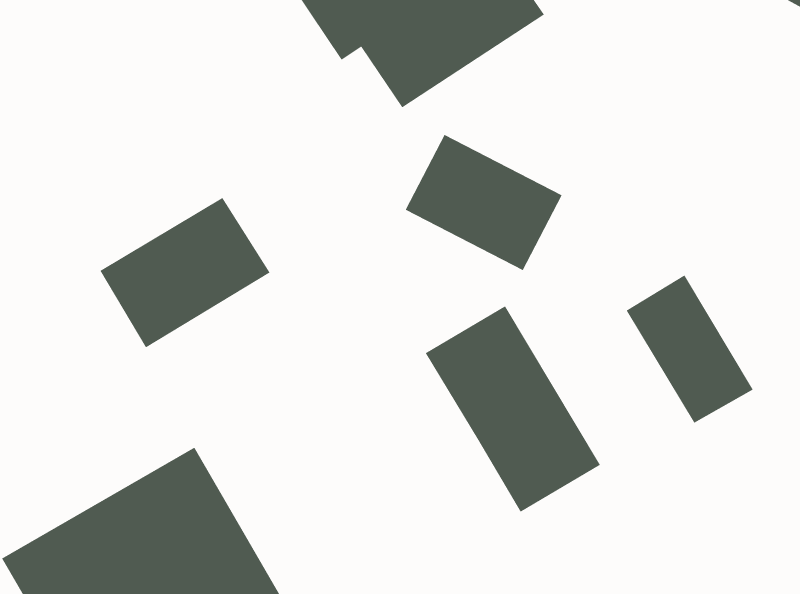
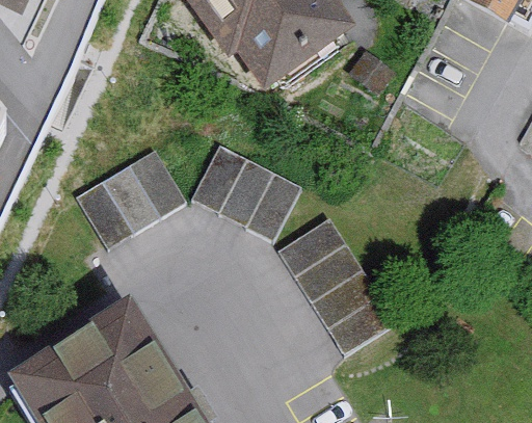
building: [405,134,562,271] -> [200,149,299,235]
building: [626,274,753,424] -> none

